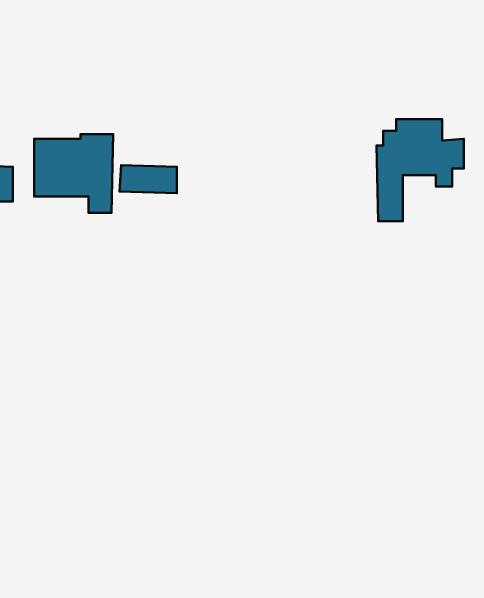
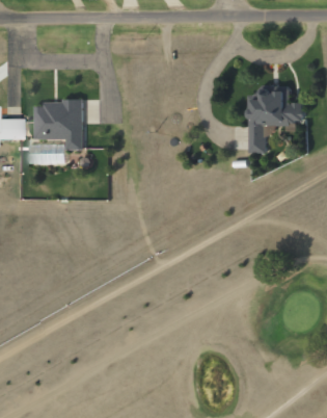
building: [119,165,177,193] -> [27,147,63,164]

